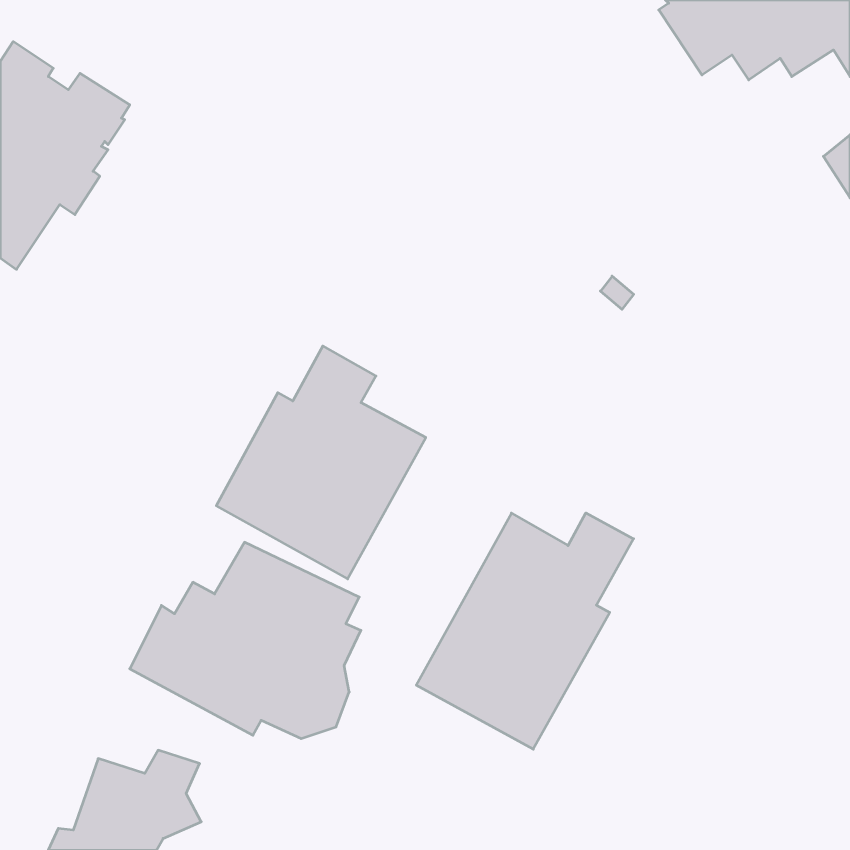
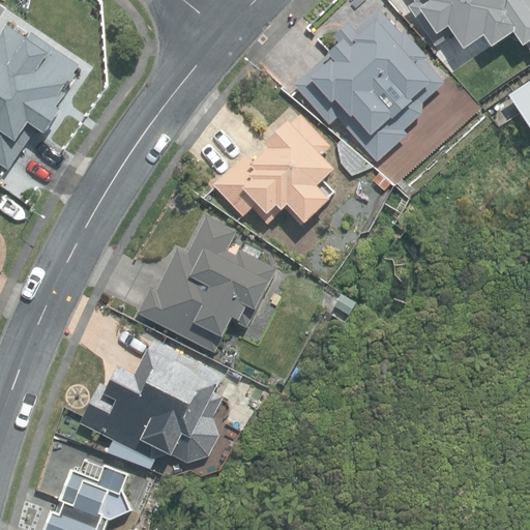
building: none -> [294,10,444,163]
building: none -> [210,118,328,227]
building: [416,513,634,749] -> none

